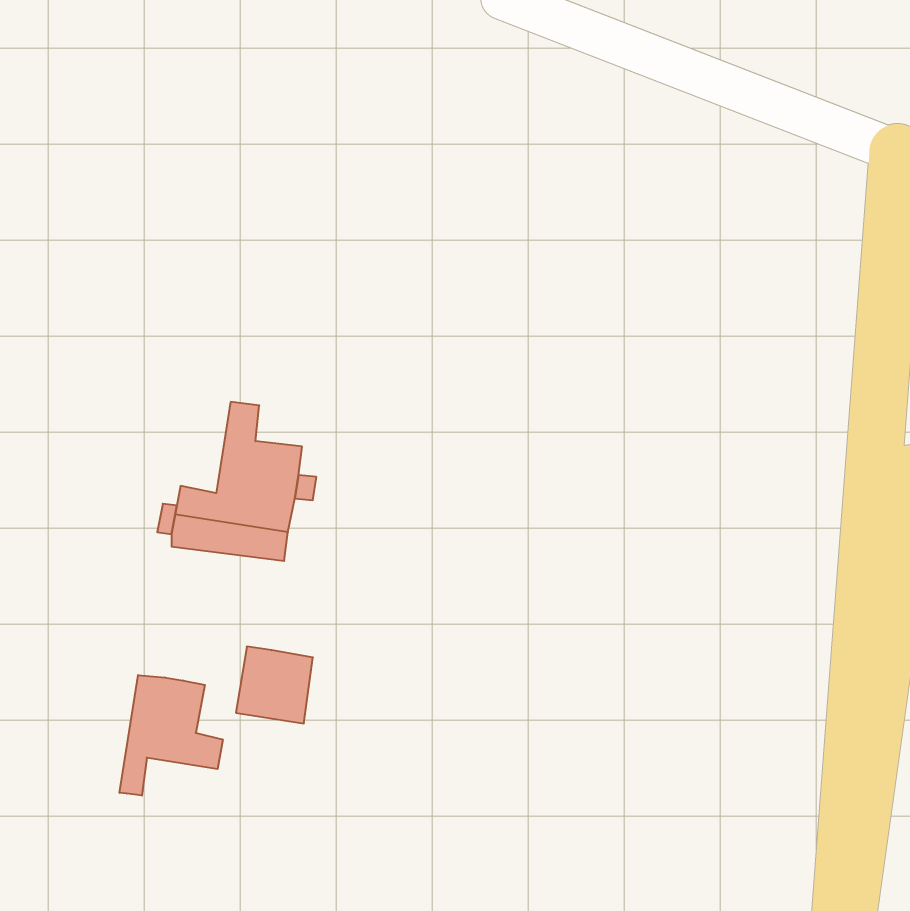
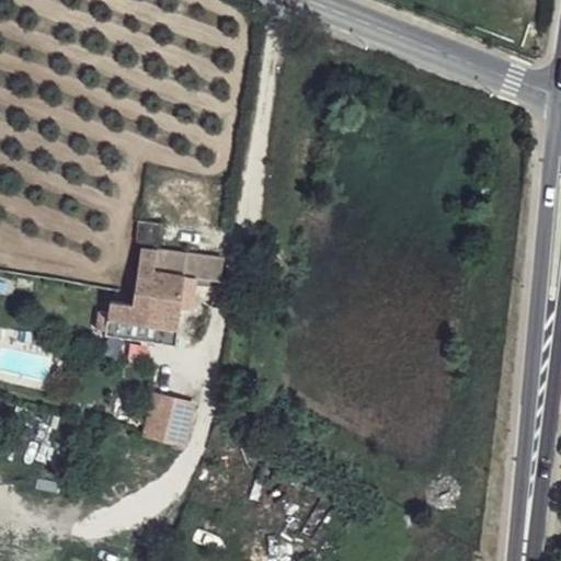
building: none -> [157,249,224,280]
building: [120,675,223,796] -> none

